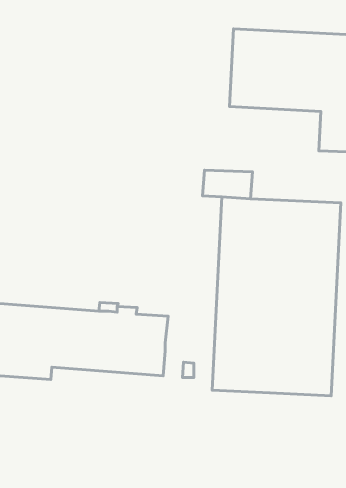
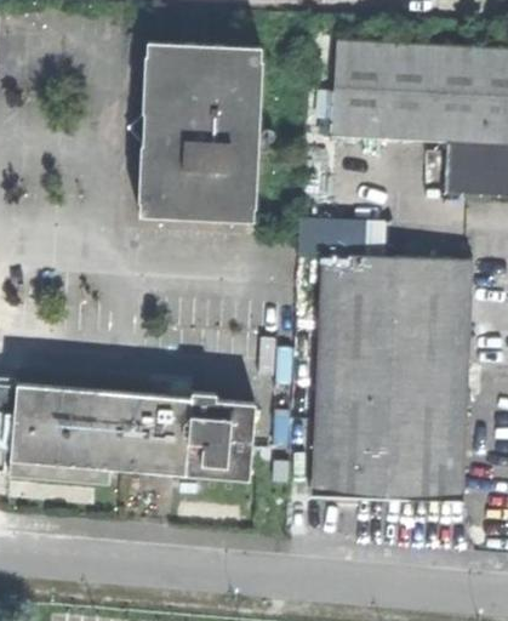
building: none -> [138,42,261,220]

